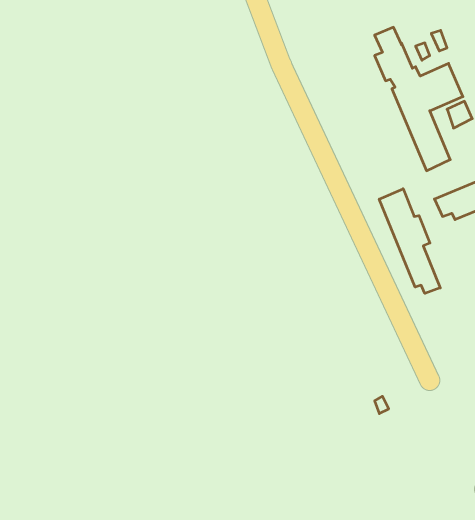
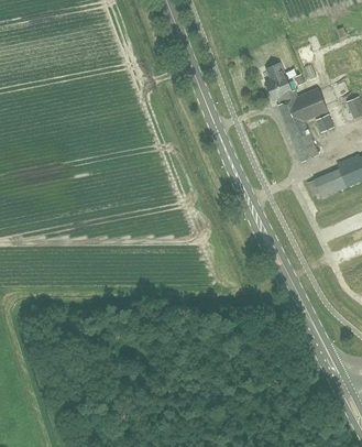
building: [379,189,440,293] -> none

